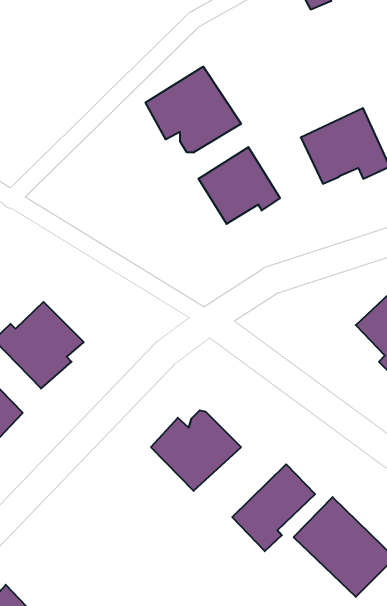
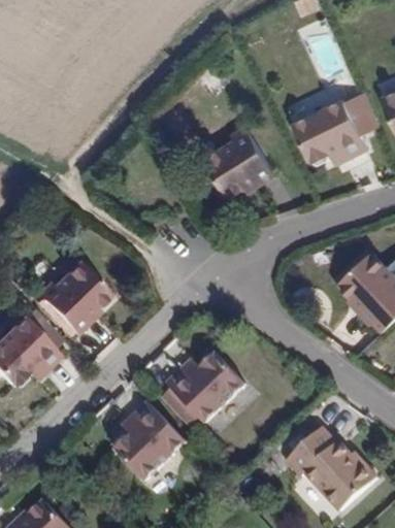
building: [146,67,241,153] -> none
building: [232,464,315,551] -> none
building: none -> [116,403,182,480]

